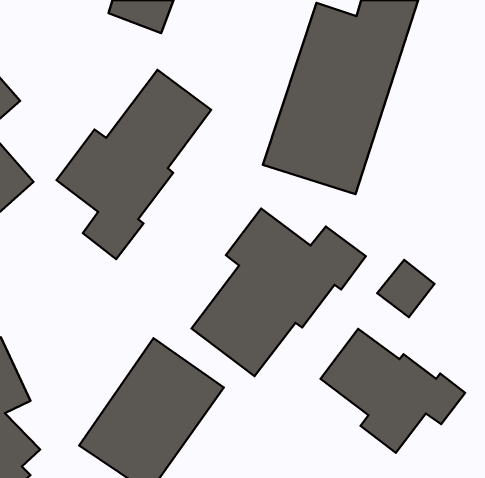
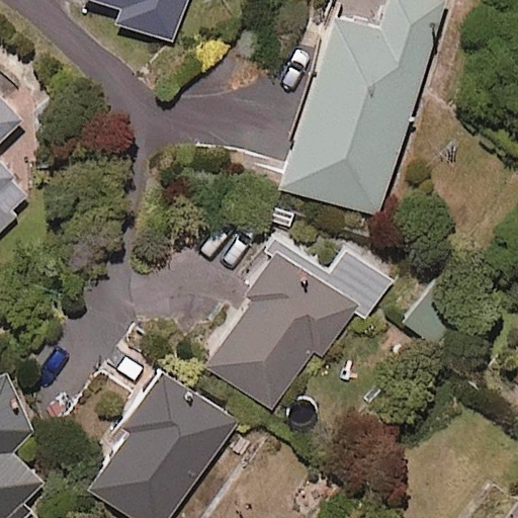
building: [56,70,211,259] -> none
building: [320,329,465,453] -> none

